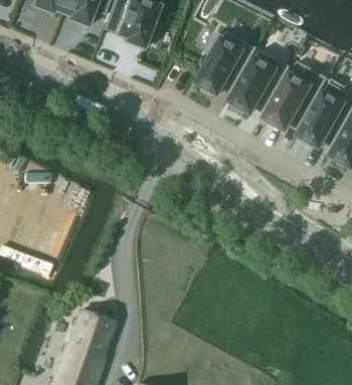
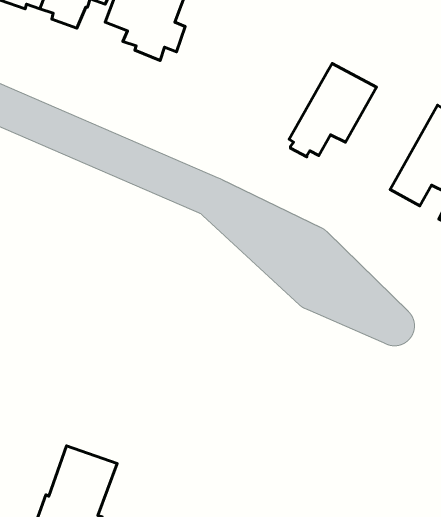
building: [197,31,256,97] -> none
building: [265,61,327,130] -> none

